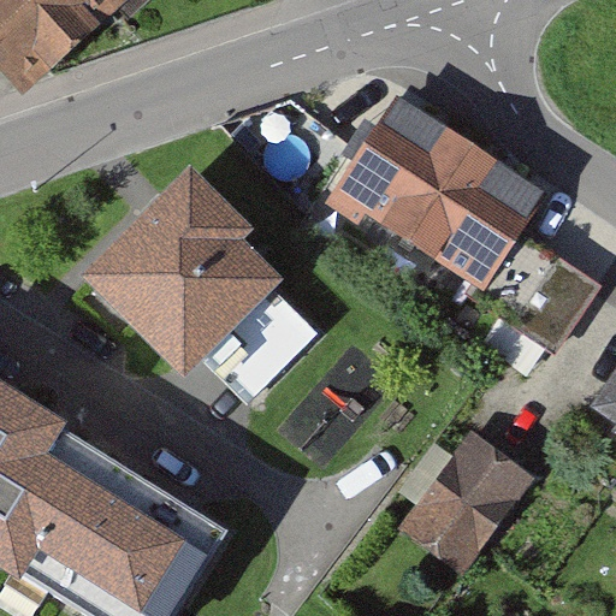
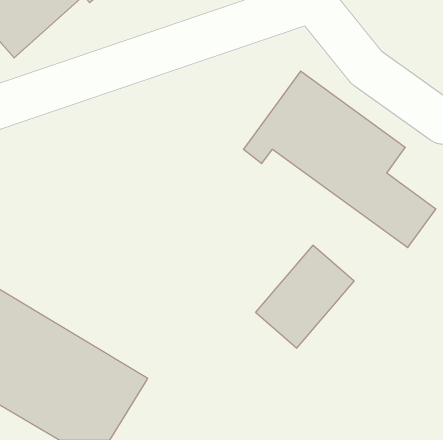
building: [83,183,274,373] -> none
building: [401,431,535,571] -> [256,245,354,348]

